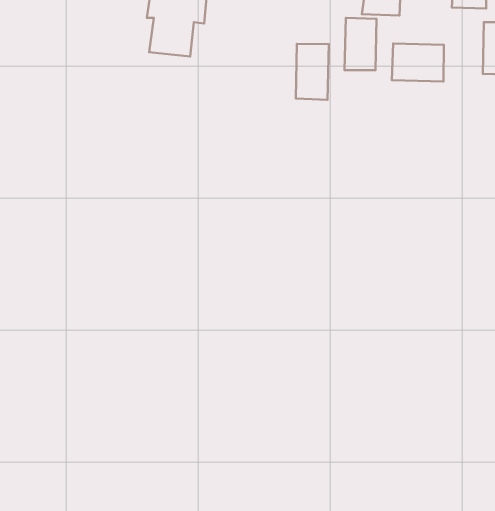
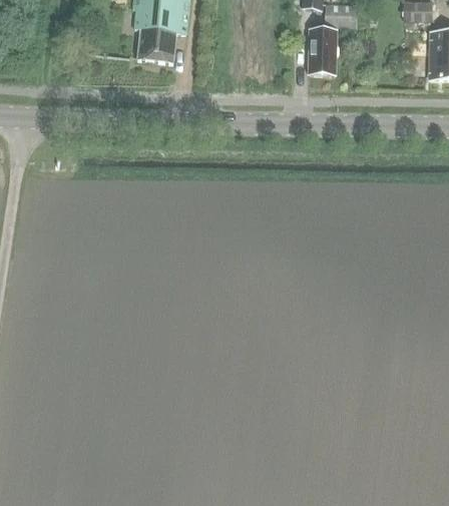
building: [392,44,444,81] -> none
building: [296,44,329,100] -> none

